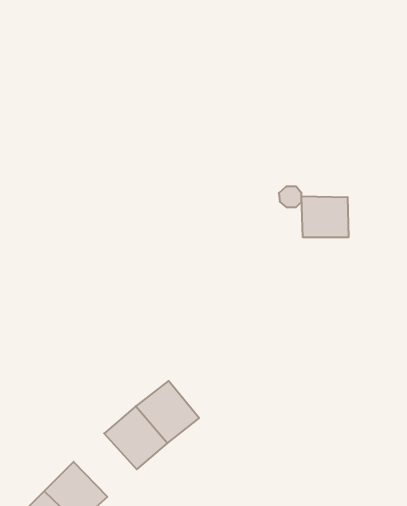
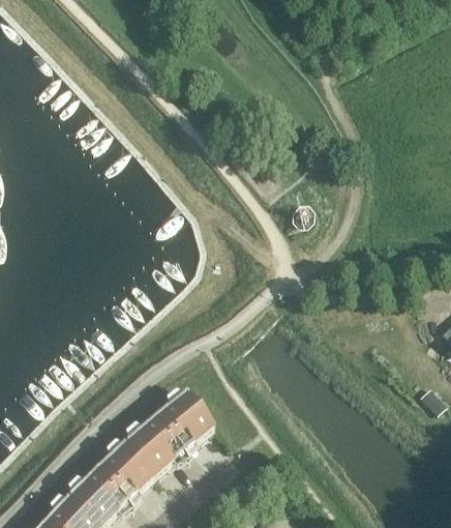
building: [302,196,348,237] -> none
building: none -> [95,442,155,502]

